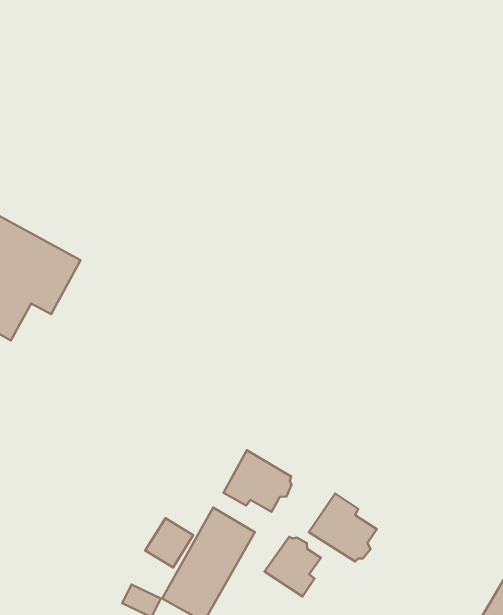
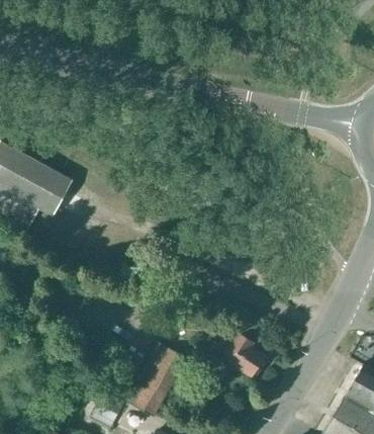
building: [223,450,292,512] -> none
building: [265,537,321,597] -> none

